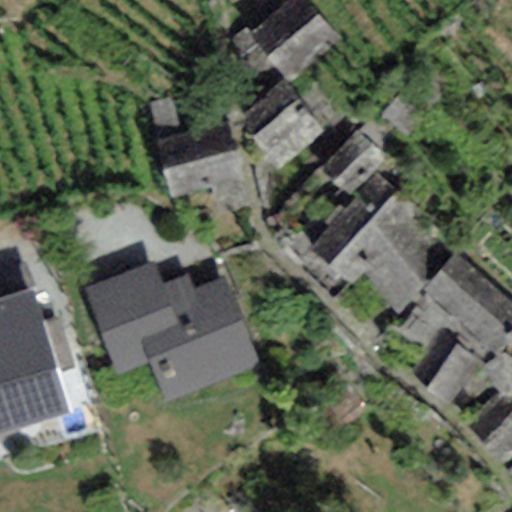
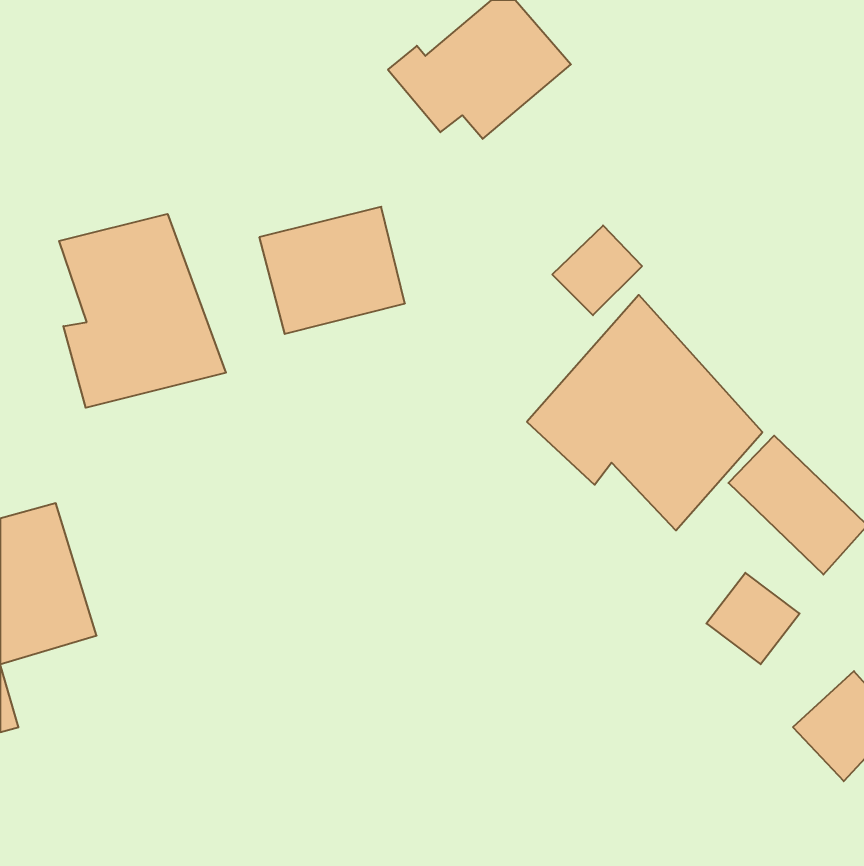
building: [238,82,323,168] -> none
building: none -> [59,214,226,408]
building: [92,278,258,395] -> none

